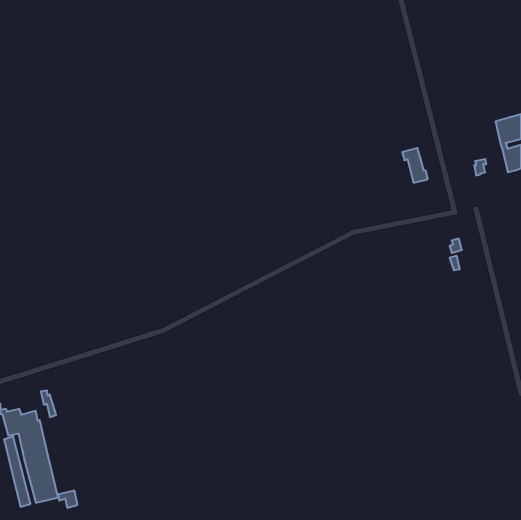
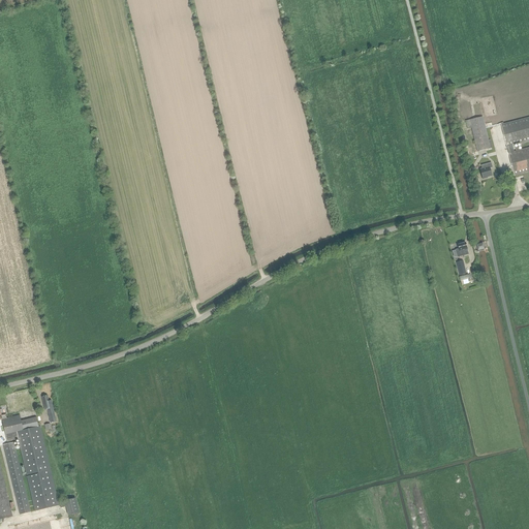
building: [402,148,428,183] -> [466,116,492,151]

